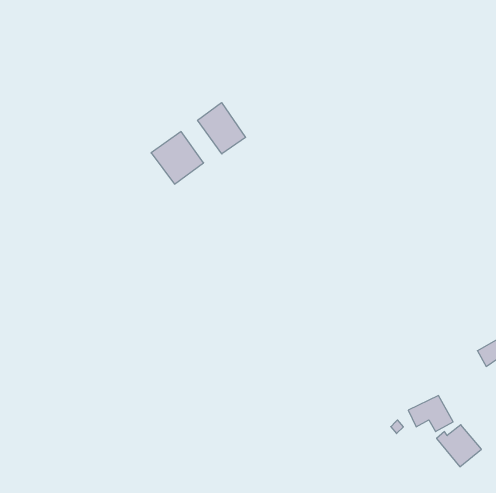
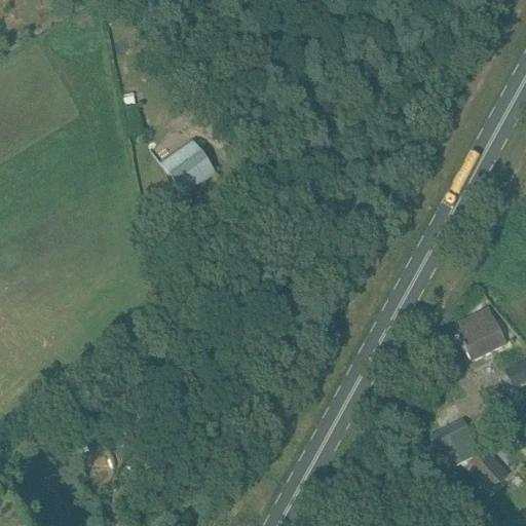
building: [198,103,246,154] -> none
building: none -> [458,312,505,358]

